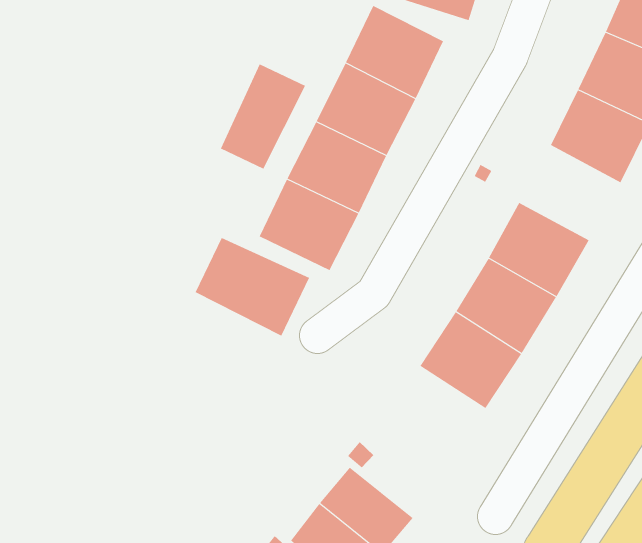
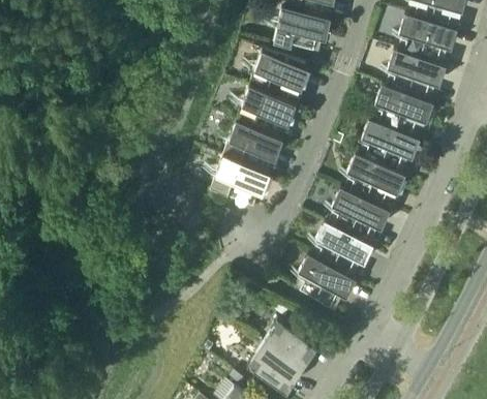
building: [220,63,306,170] -> none
building: none -> [361,119,419,172]
building: [195,237,310,336] -> none
building: none -> [296,255,355,311]

